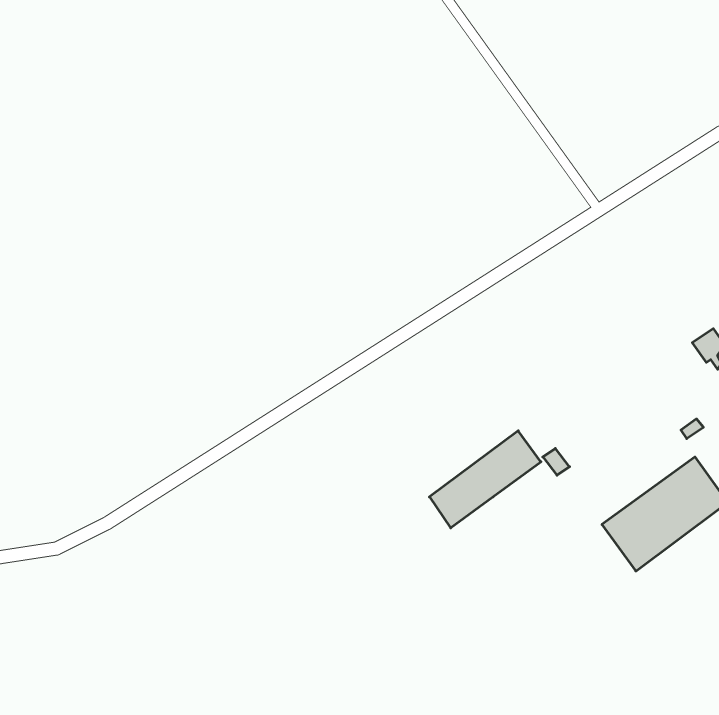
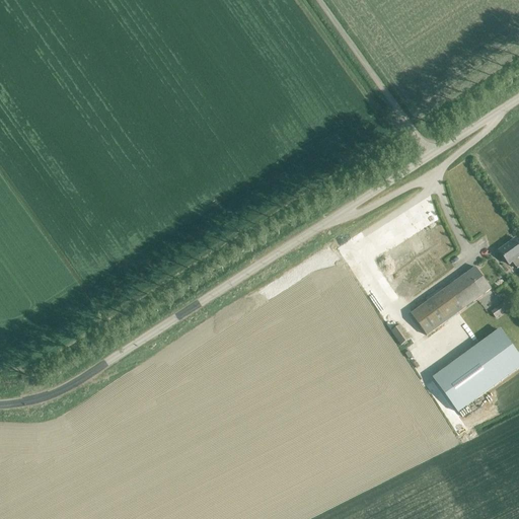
building: [429,431,541,528] -> [412,264,492,333]

